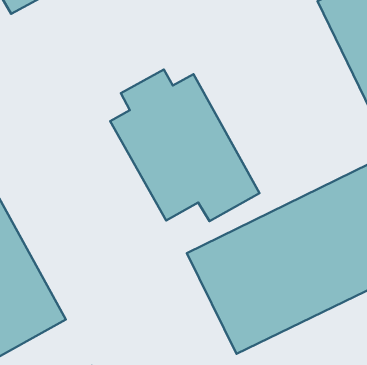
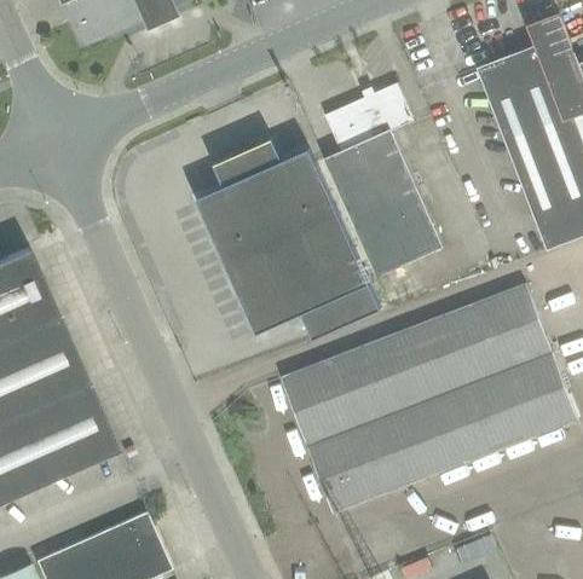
building: none -> [324,82,444,276]

